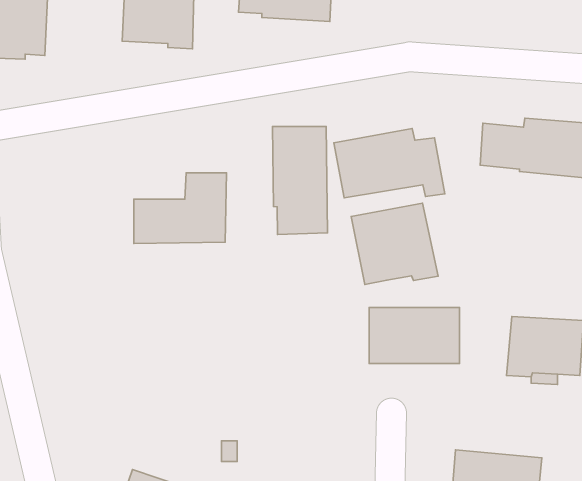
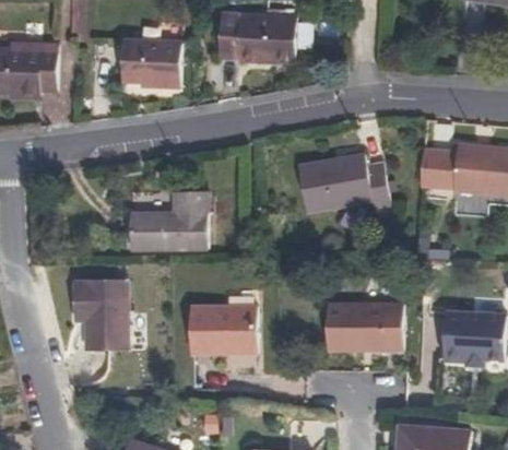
building: [272,126,328,235] -> none
building: [351,203,438,284] -> none
building: none -> [73,279,128,351]
building: none -> [189,306,257,354]

